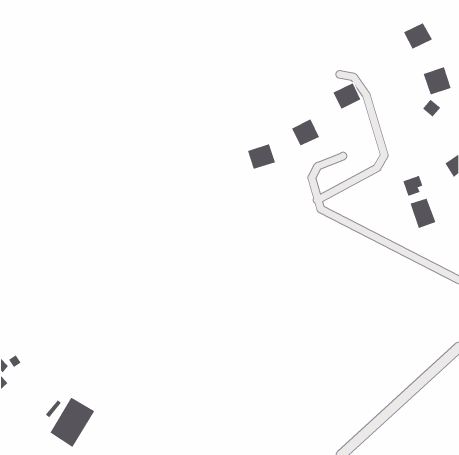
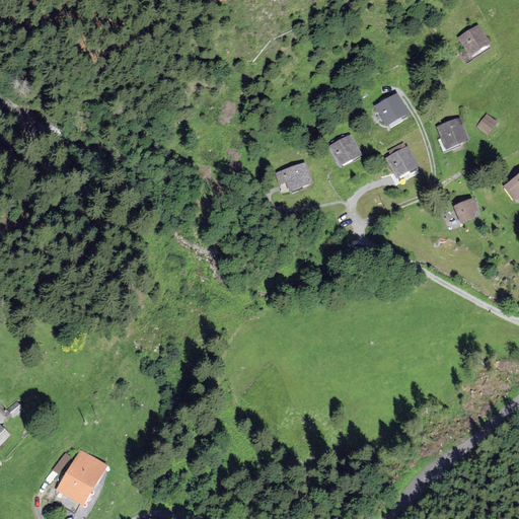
building: [423,67,452,95] -> [436,116,468,148]
building: none -> [385,145,420,178]
building: [410,198,436,229] -> none

